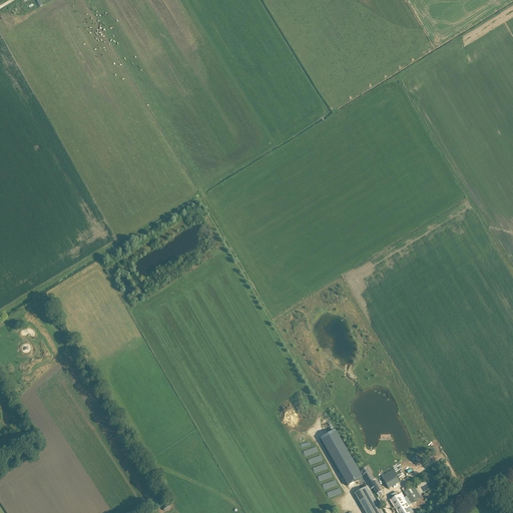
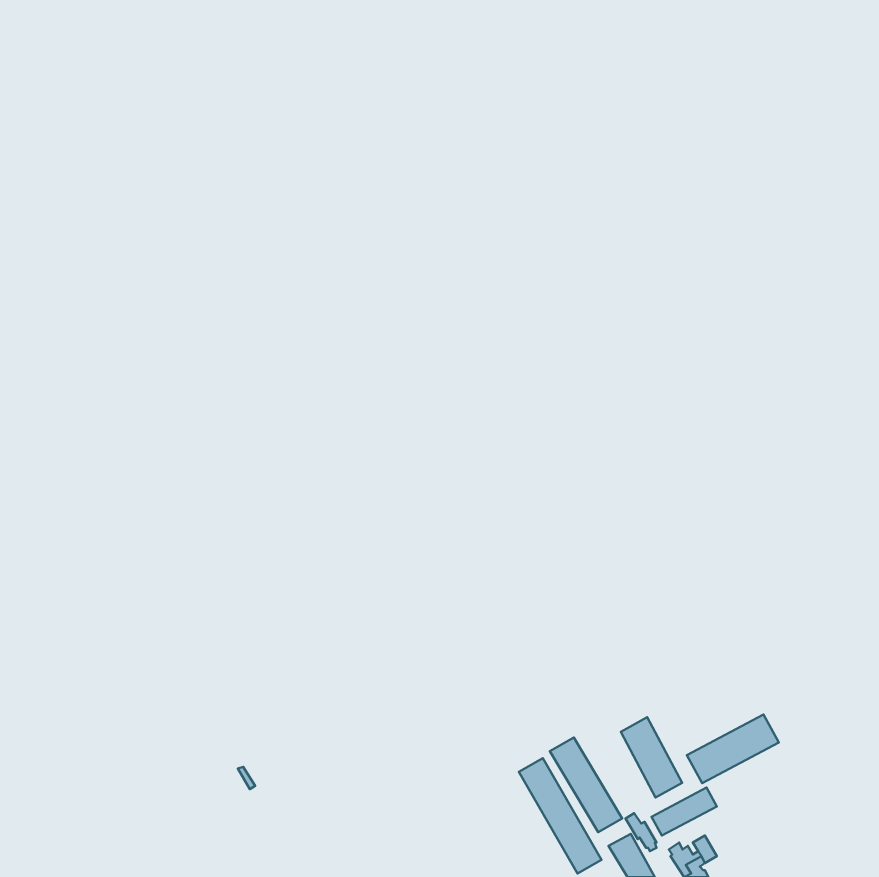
building: none -> [687,714,779,783]
building: none -> [621,717,682,797]

